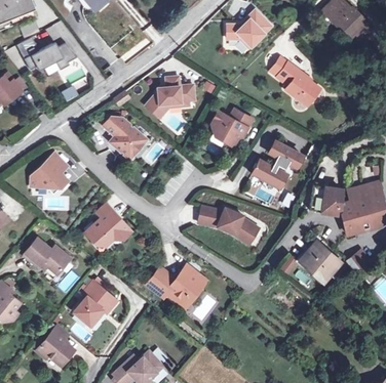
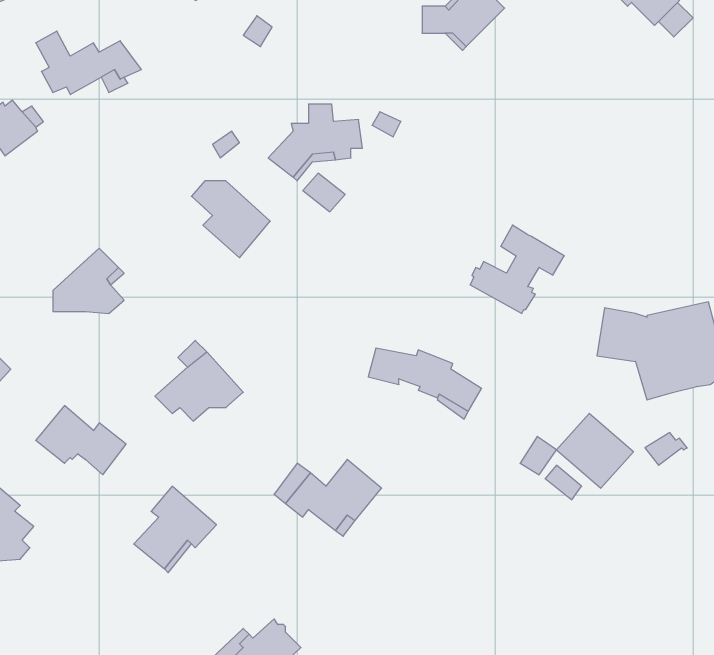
building: [277,61,320,105] -> none
building: [211,110,252,146] -> none
building: [36,326,74,366] -> none

